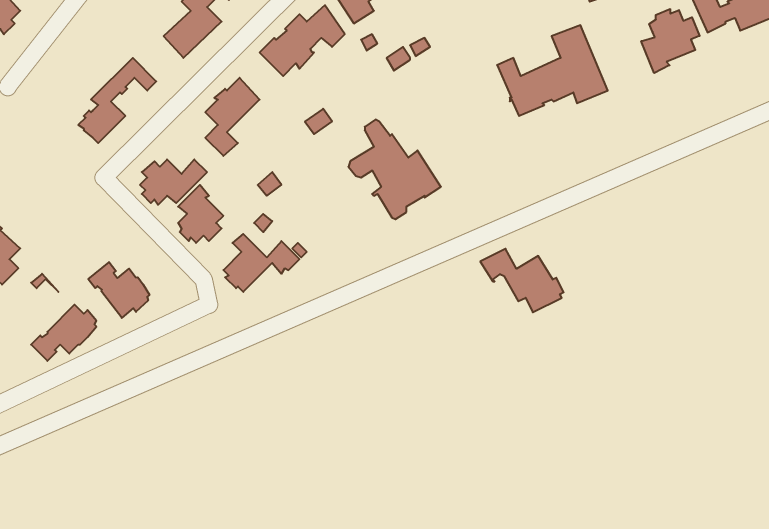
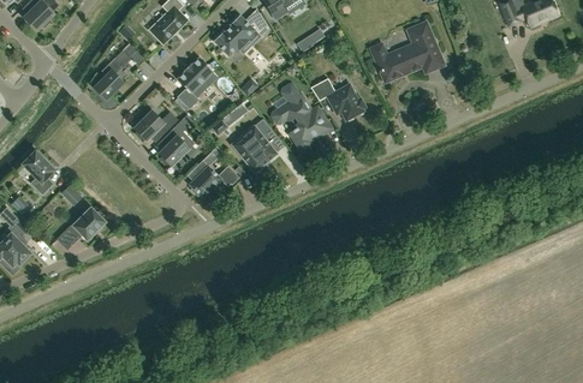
building: [641,9,700,73] -> none
building: none -> [231,119,282,172]
building: [480,249,564,312] -> [310,78,365,120]
building: [88,262,149,318] -> none

